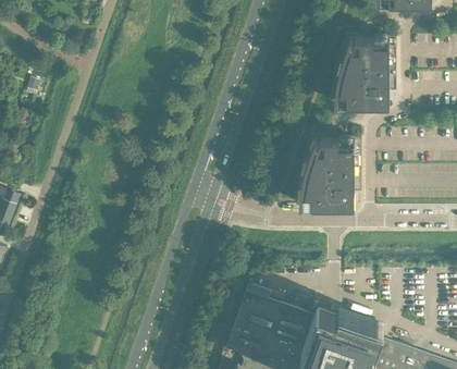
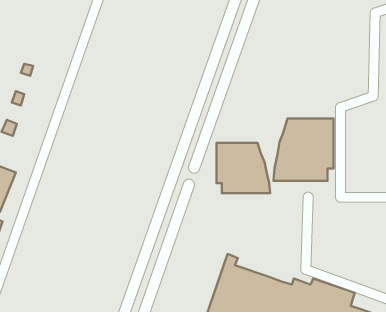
building: [332,37,396,103] -> none
building: none -> [217,143,270,193]

